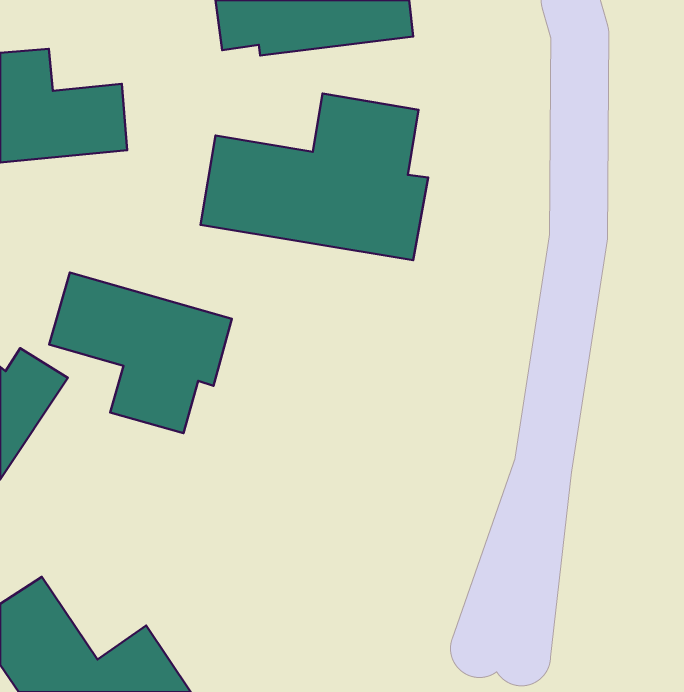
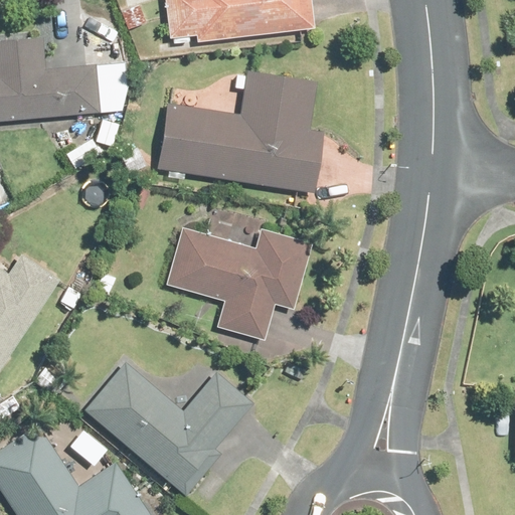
building: [49,272,232,433] -> none
building: none -> [168,228,311,341]
building: none -> [82,359,253,496]

